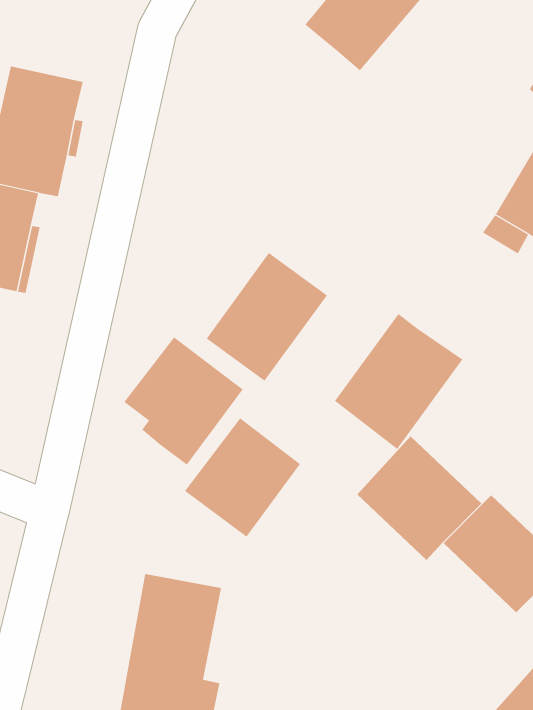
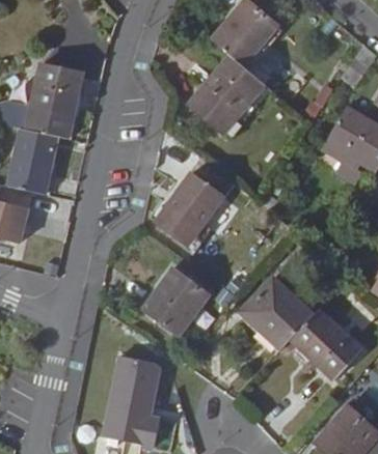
building: none -> [188,54,265,134]
building: [334,313,463,450] -> none
building: [123,337,244,466] -> none

